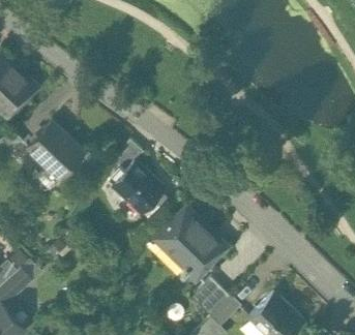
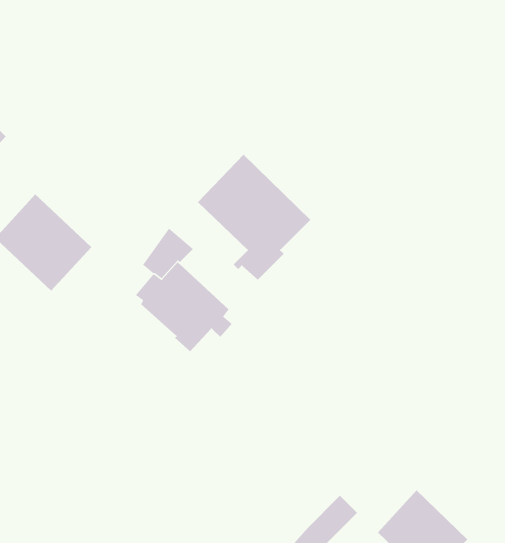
building: [158,211,225,284] -> [197,154,311,281]
building: [190,279,228,317] -> none

